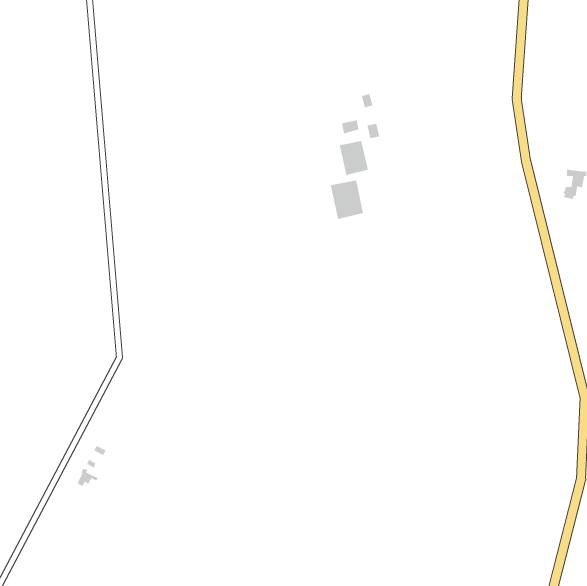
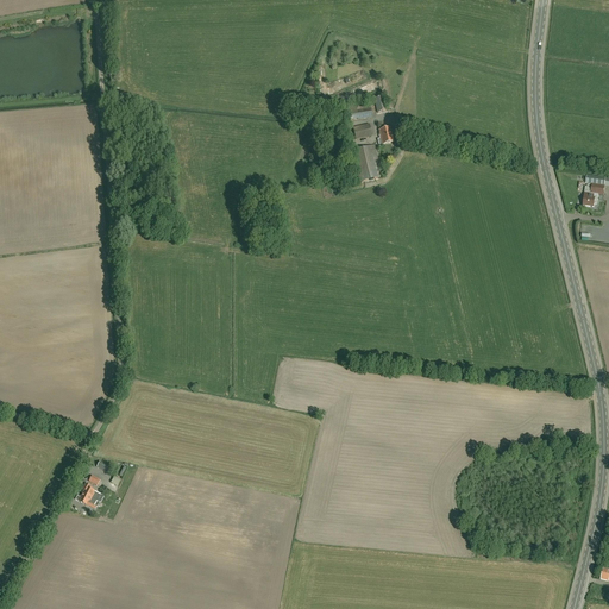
building: [330,180,364,220] -> none

